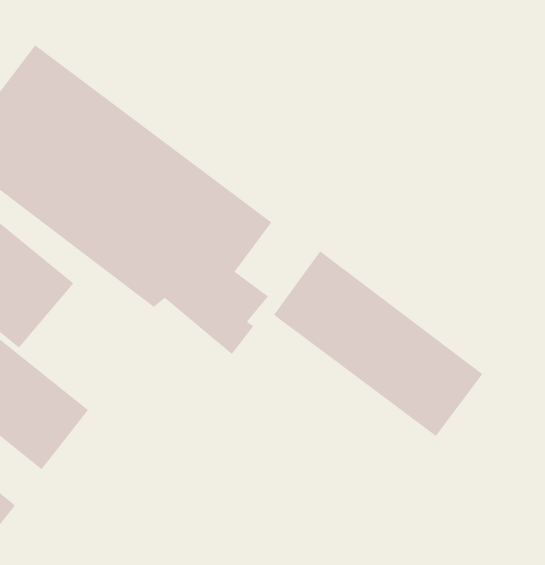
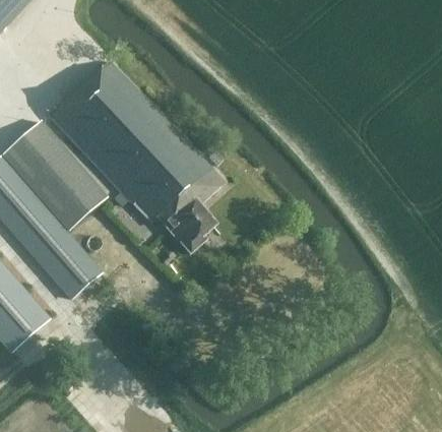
building: [273,251,483,437] -> none

